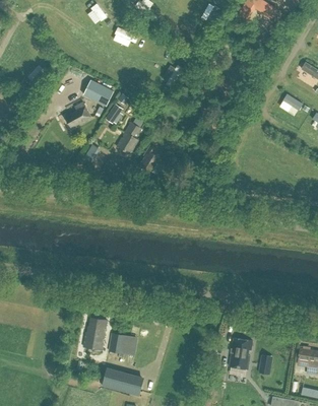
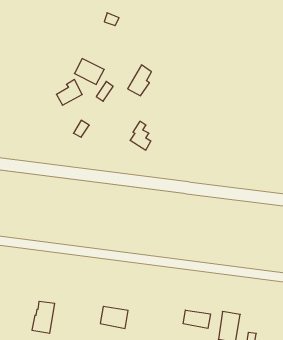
building: [117,122,141,153] -> [128,65,151,96]
building: [83,318,107,350] -> [32,301,55,333]
building: none -> [183,310,210,328]

